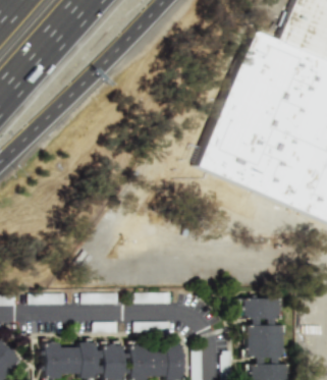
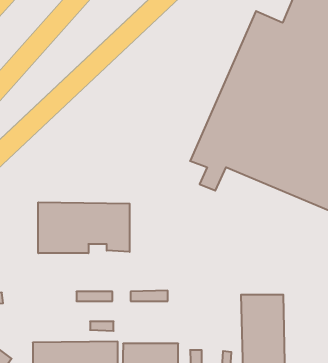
building: none -> [38,202,130,253]

